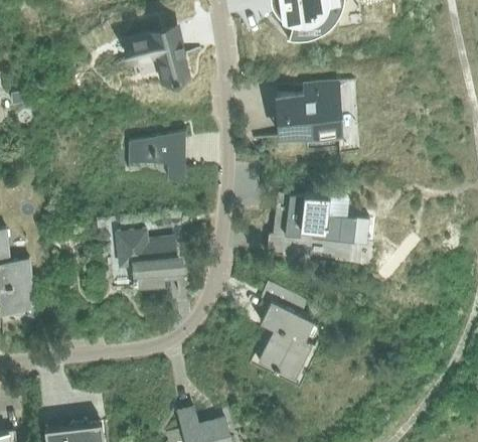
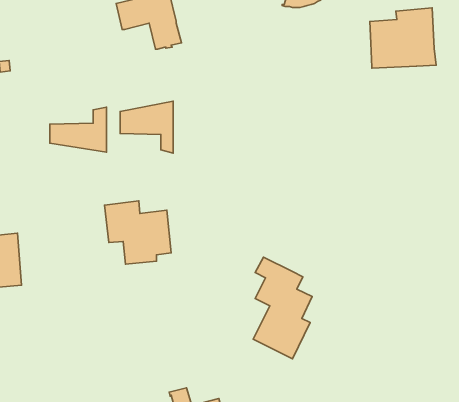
building: [277,81,341,139] -> [370,8,436,68]
building: none -> [50,107,106,152]
building: [285,192,355,243] -> none

